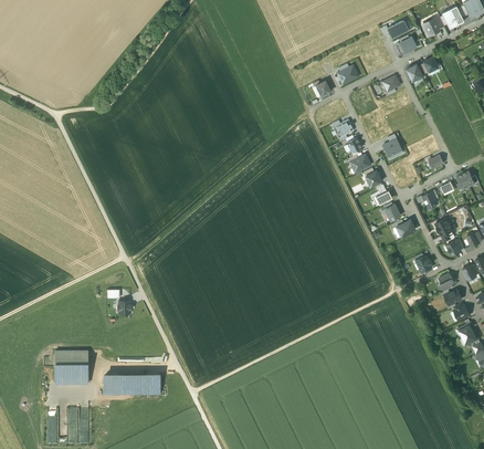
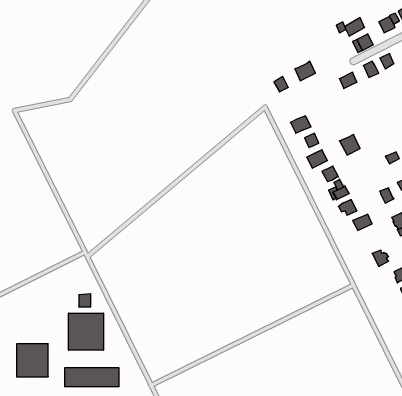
building: none -> [69,313,103,350]

